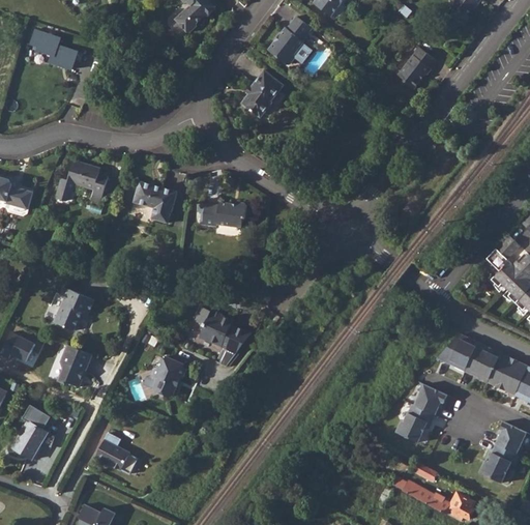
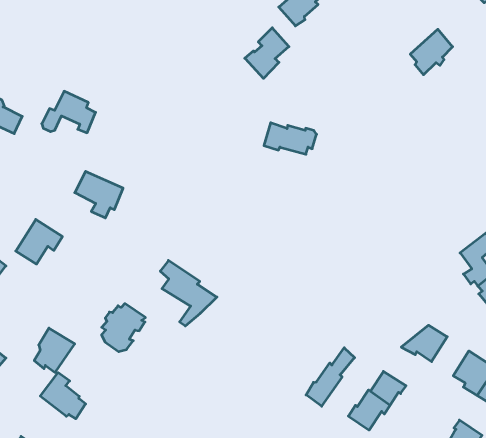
building: [131,180,177,222] -> [75,171,123,218]
building: [203,208,252,233] -> [264,123,317,154]
building: [463,342,499,378] -> none
building: [59,343,95,384] -> [34,328,75,372]
building: none -> [306,348,355,406]

